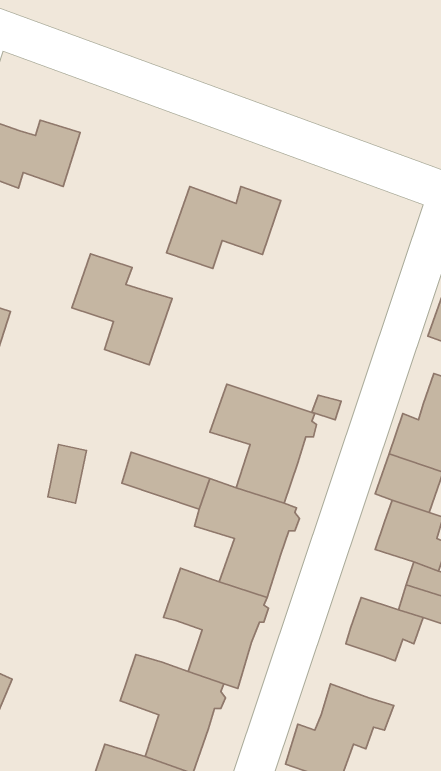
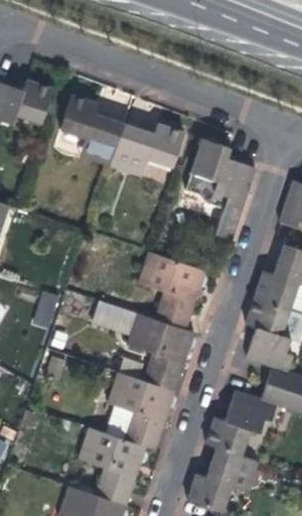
building: none -> [184,138,256,241]
building: [72,254,172,365] -> [59,94,125,166]
building: none -> [205,417,251,457]

